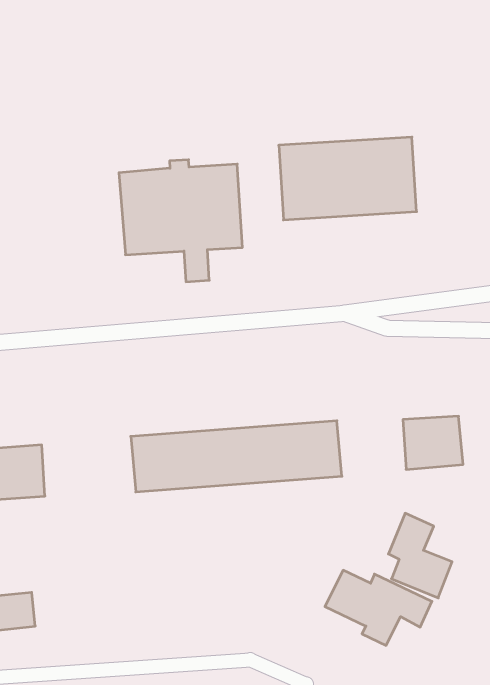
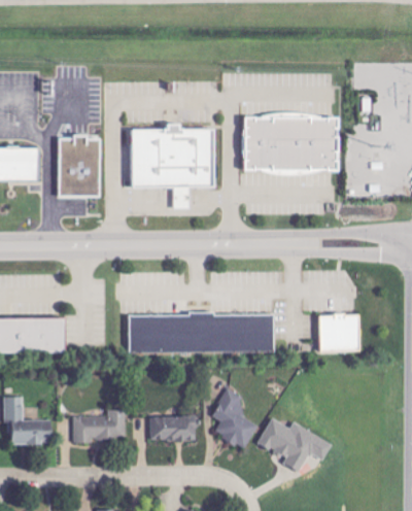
building: none -> [57,136,99,196]
building: [388,513,452,598] -> [212,387,256,448]
building: none -> [72,409,125,443]
building: none -> [148,415,196,441]

